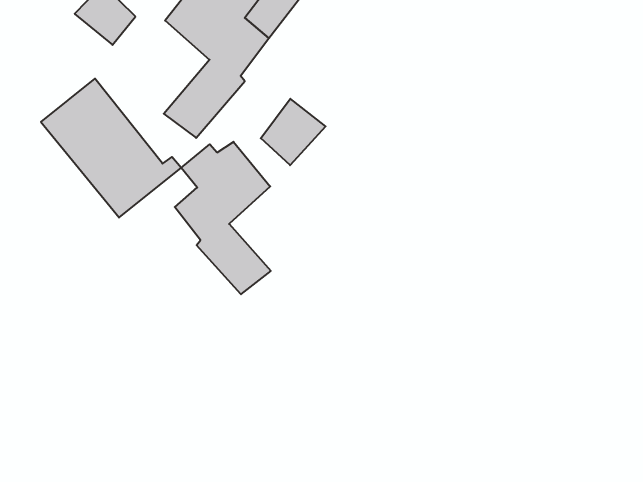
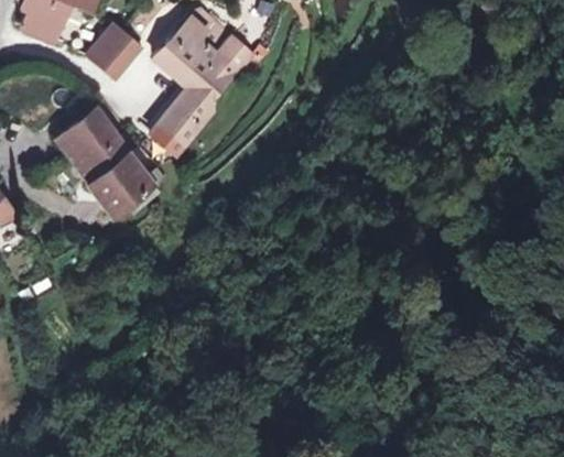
building: [261,99,326,165] -> none
building: [175,142,271,294] -> none

